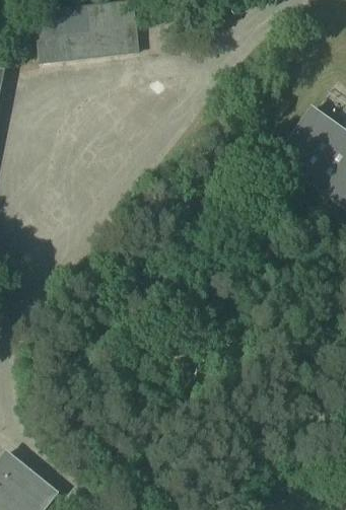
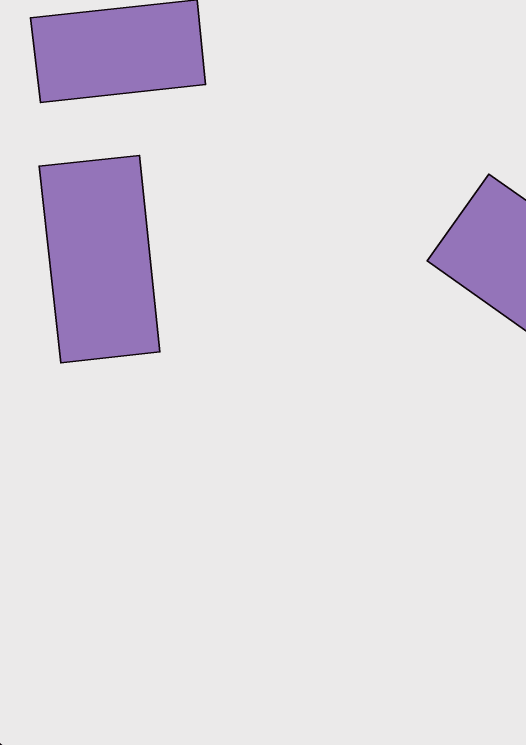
building: none -> [39,156,160,363]

